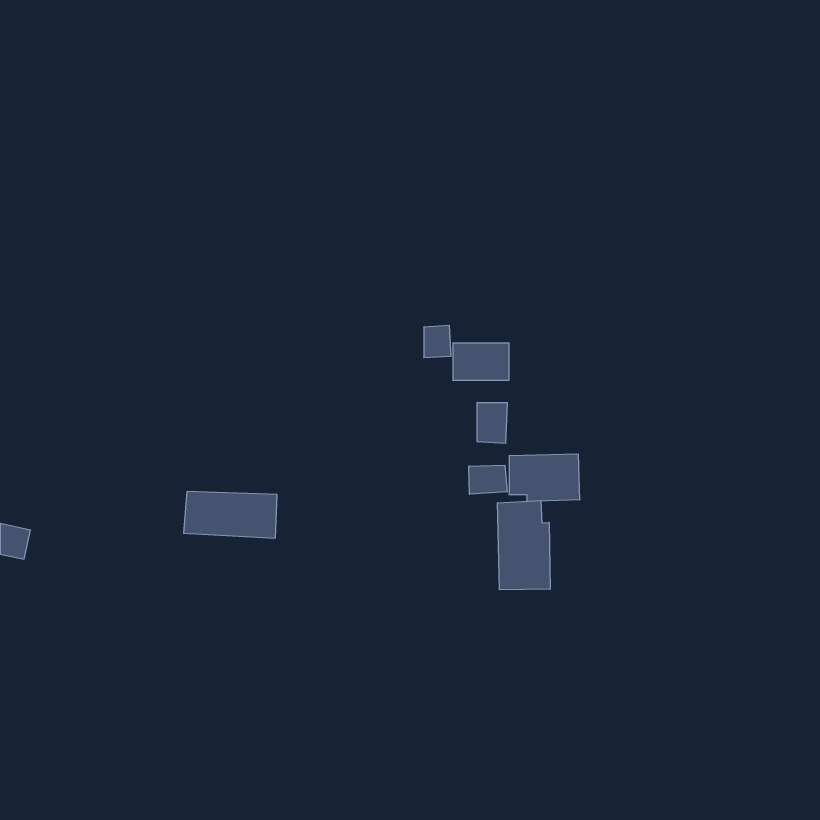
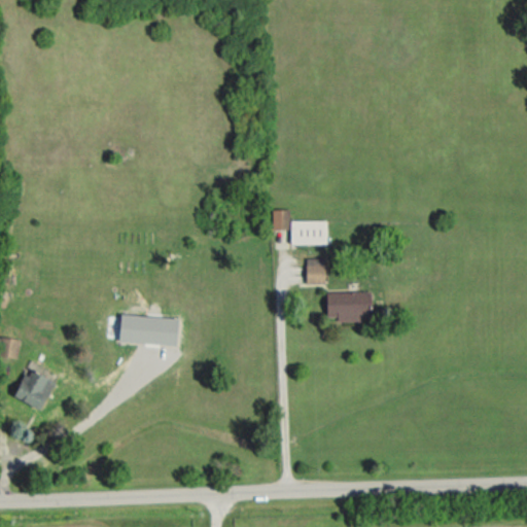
building: [469,465,507,494] -> none
building: [498,501,550,590] -> none
building: none -> [14,368,57,411]

